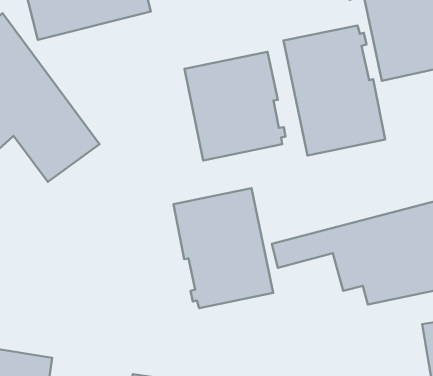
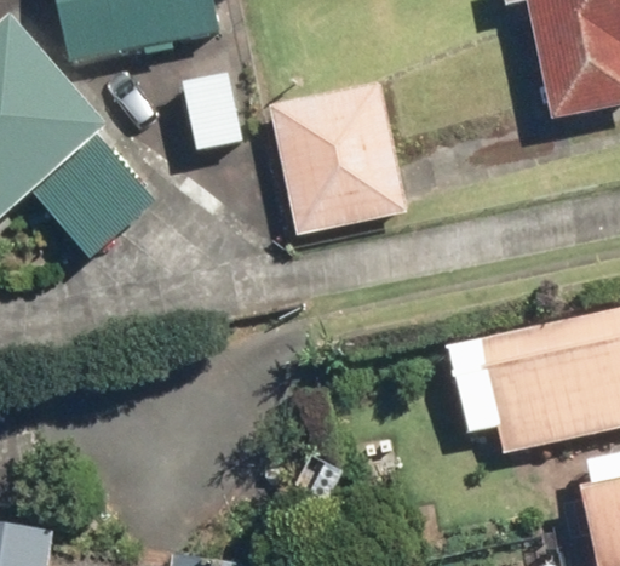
building: [284,25,385,156] -> none
building: [173,188,273,308] -> none

